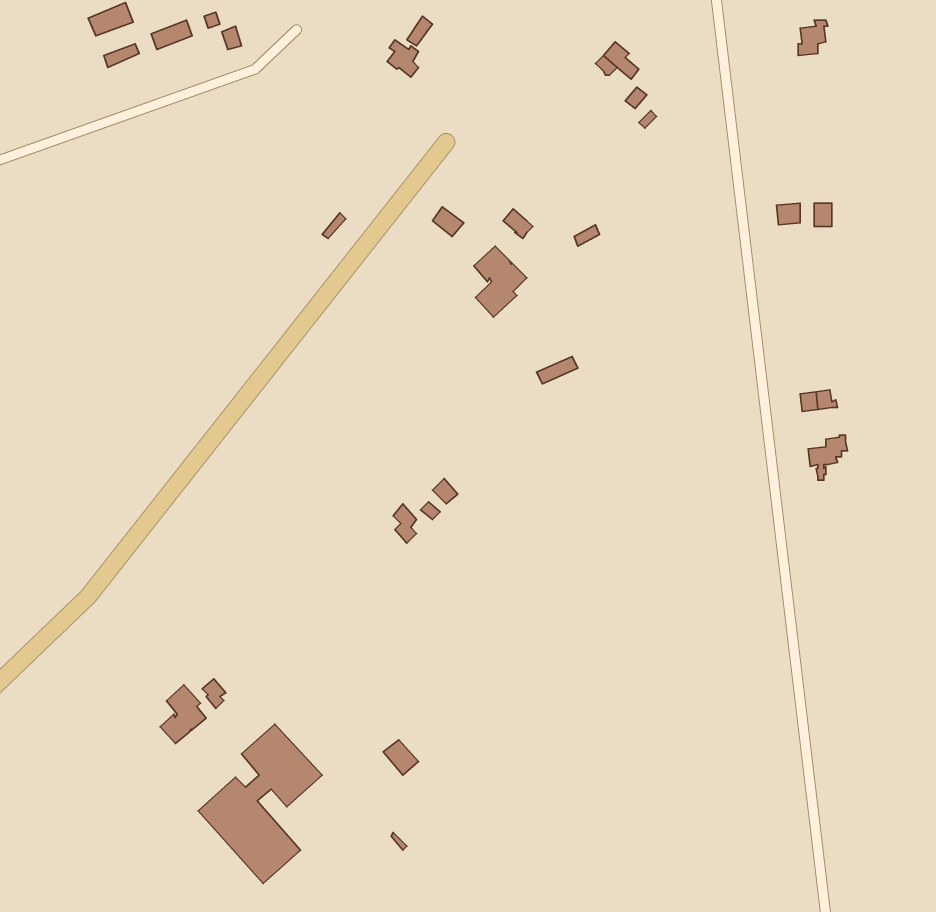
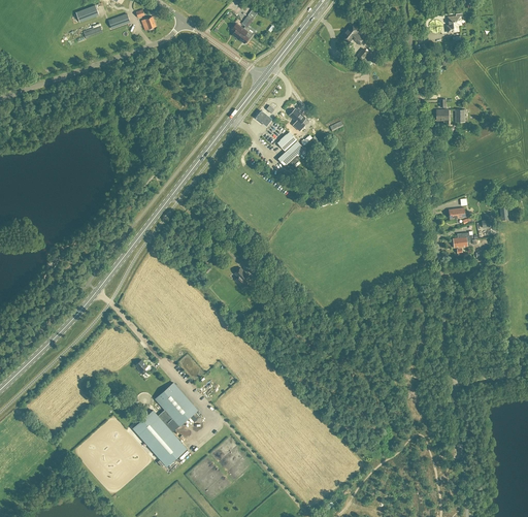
building: [160,685,206,744] -> none

